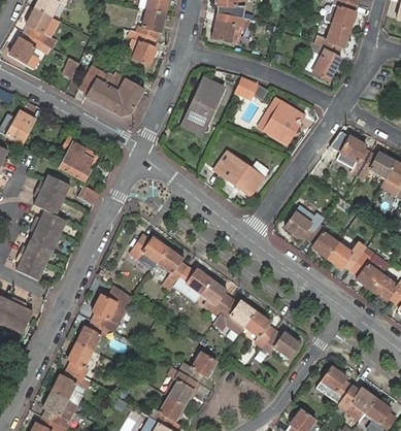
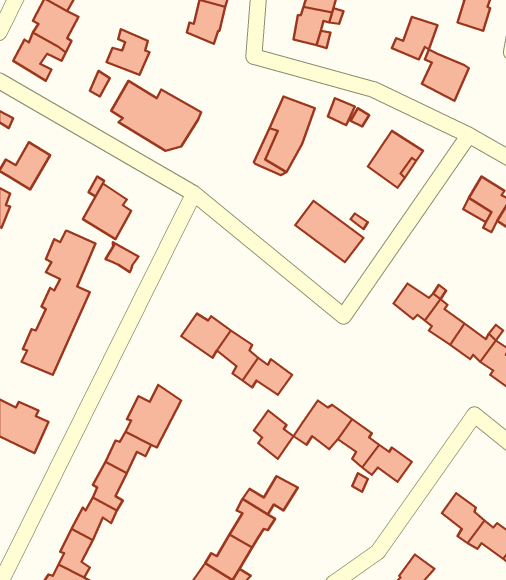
building: [318,24,350,55] -> [392,17,437,60]
building: [126,31,157,64] -> [107,29,149,75]
building: [202,278,231,313] -> [254,410,294,459]

